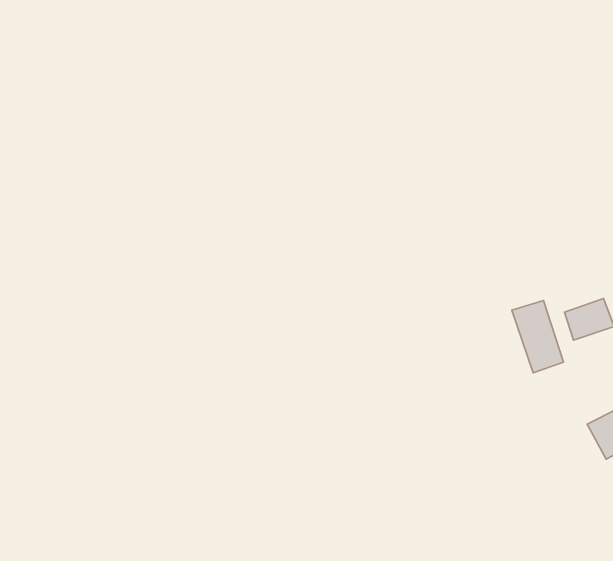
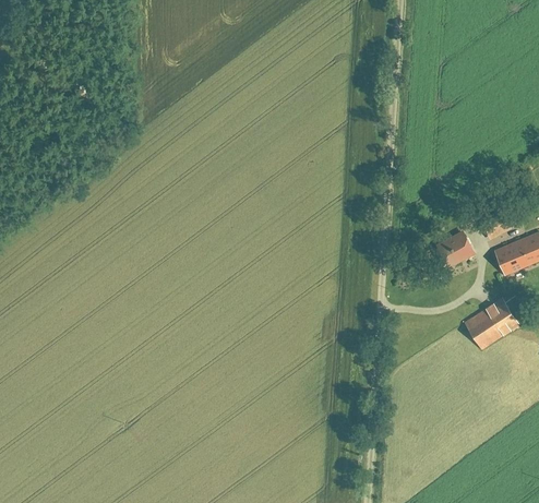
building: [512,301,564,373] -> none

